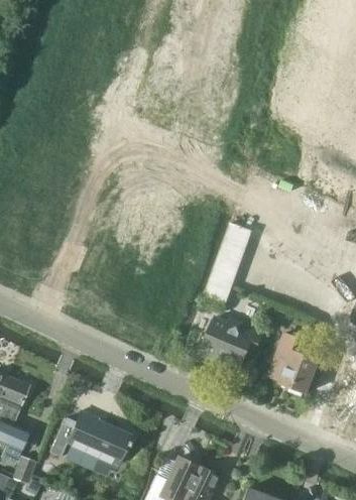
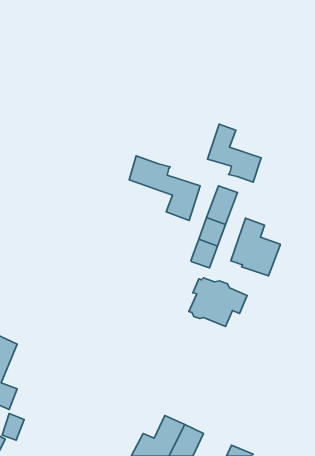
building: none -> [207,124,261,182]
building: none -> [129,156,200,220]
building: [268,333,319,391] -> [231,218,280,276]
building: [49,411,130,479] -> none

